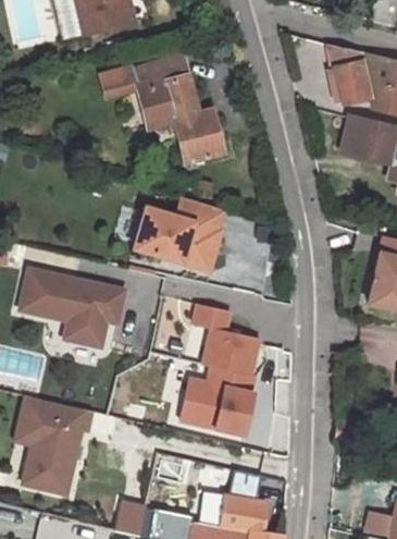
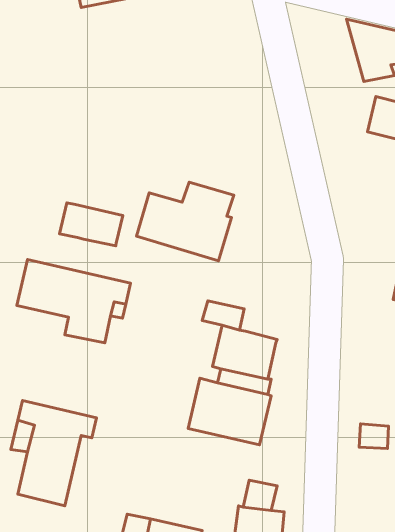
building: [102,50,224,163] -> none
building: none -> [60,203,123,246]

